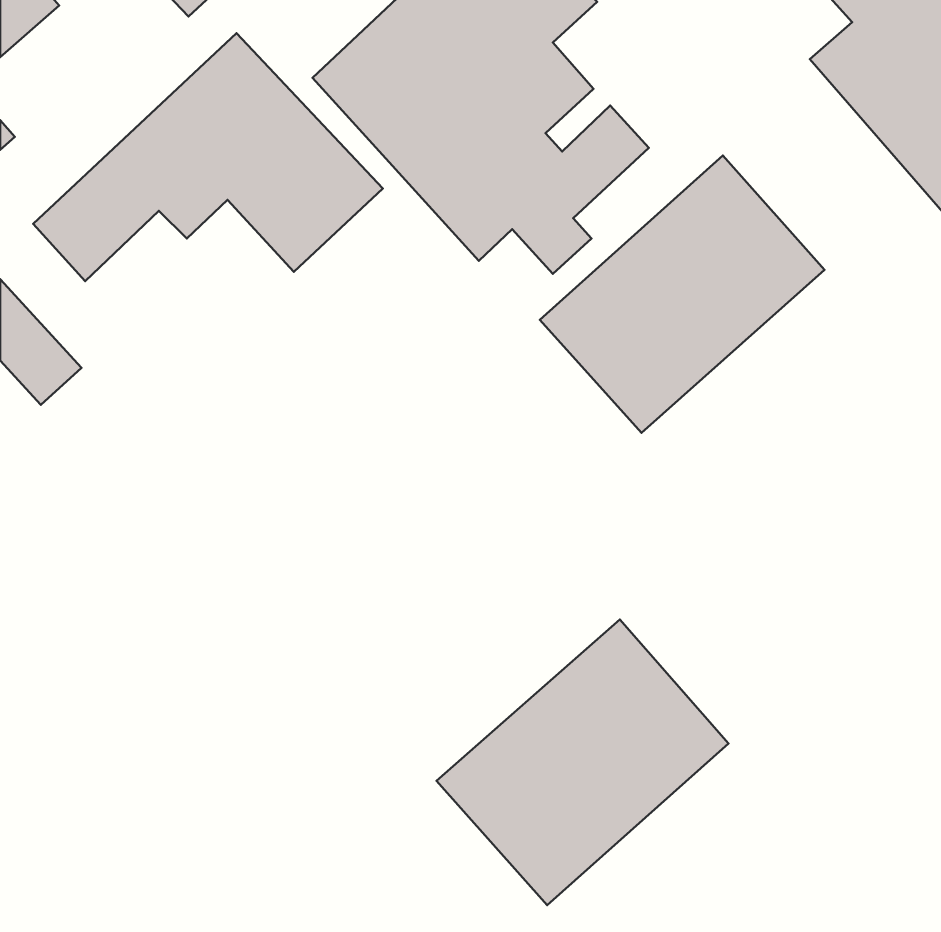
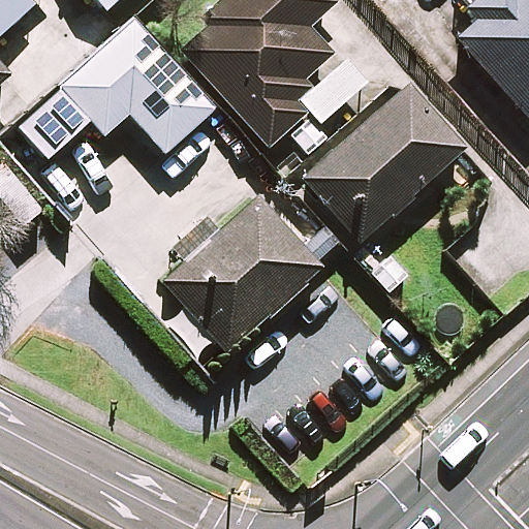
building: none -> [163,194,322,351]
building: [437,620,729,905] -> none

